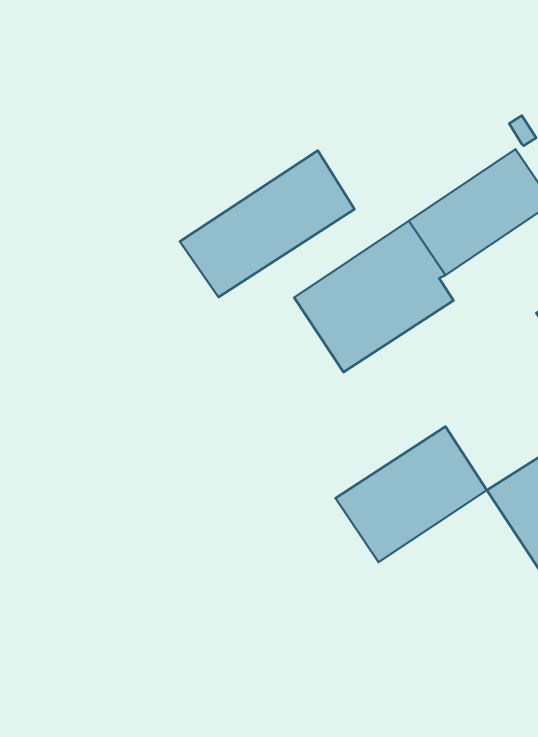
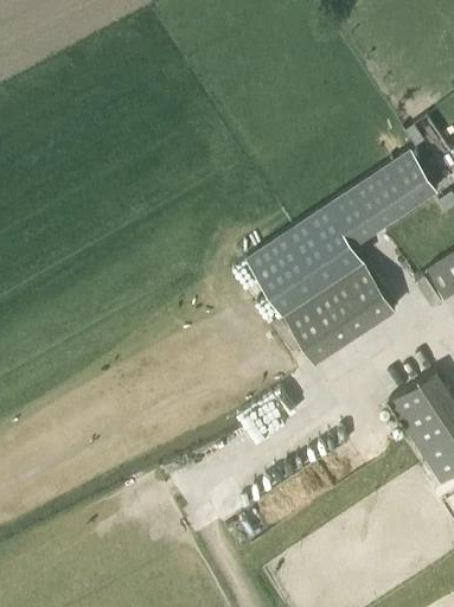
building: [180,150,355,297] -> none
building: [336,427,487,562] -> [281,262,394,363]

